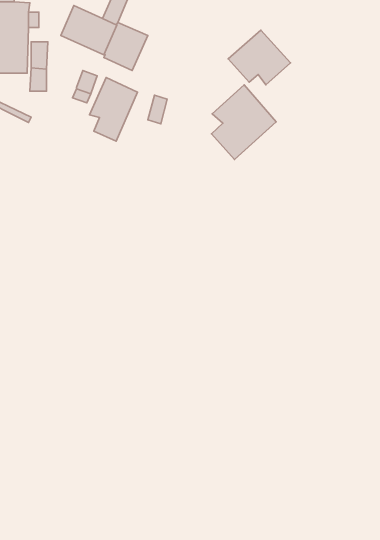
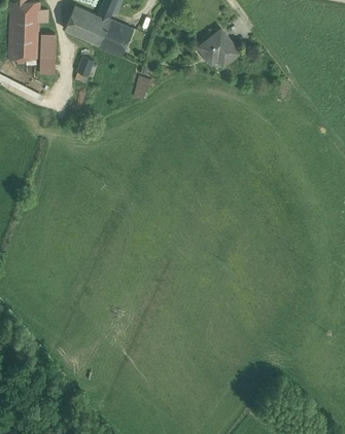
building: [90,78,138,141] -> none
building: [211,85,276,159] -> none

